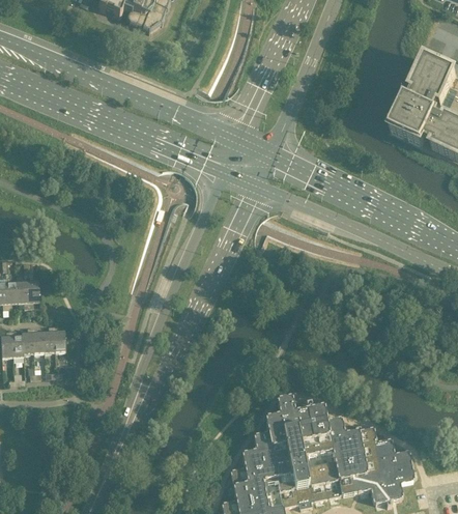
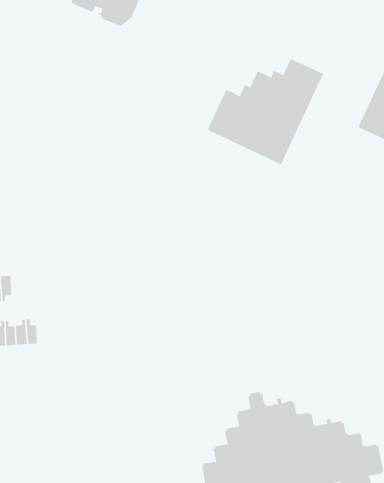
building: none -> [207,58,324,165]

